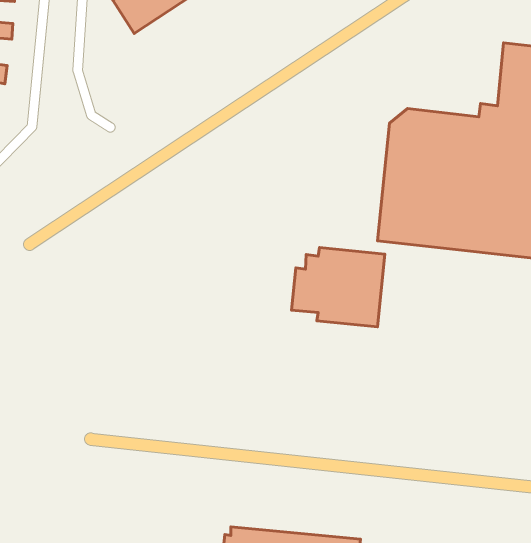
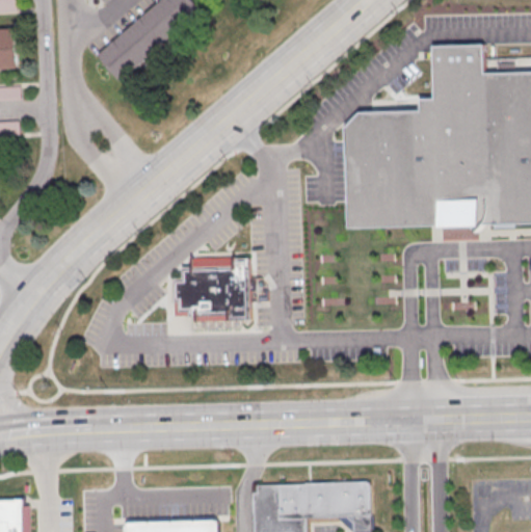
building: [291,248,385,327] -> [175,258,250,322]

